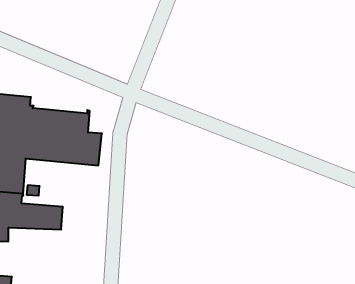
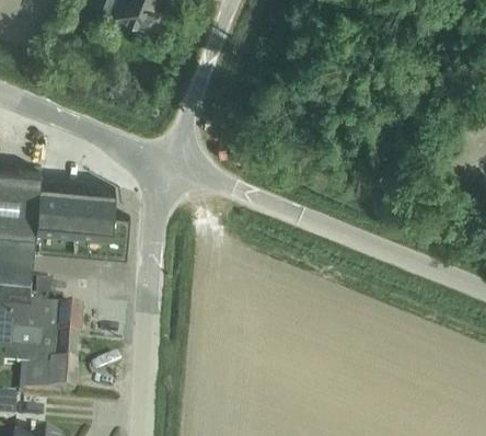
building: none -> [12,331,79,390]

